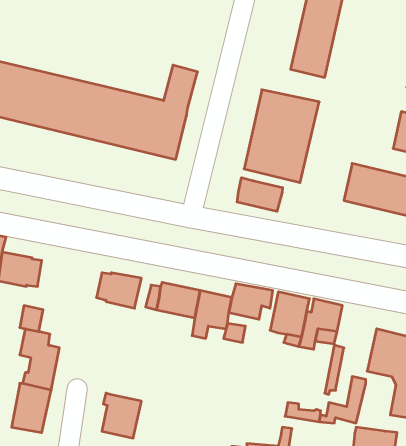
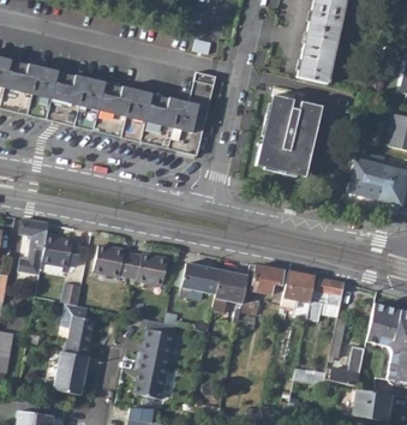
building: [237,178,283,211] -> none
building: none -> [94,244,133,275]
building: none -> [137,319,175,366]

